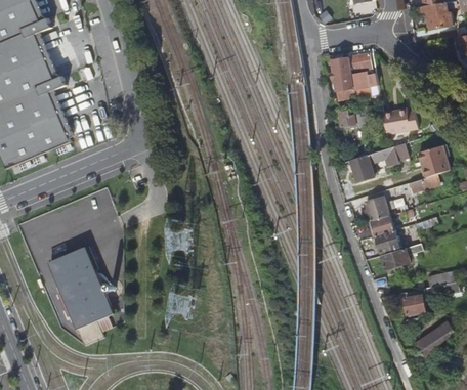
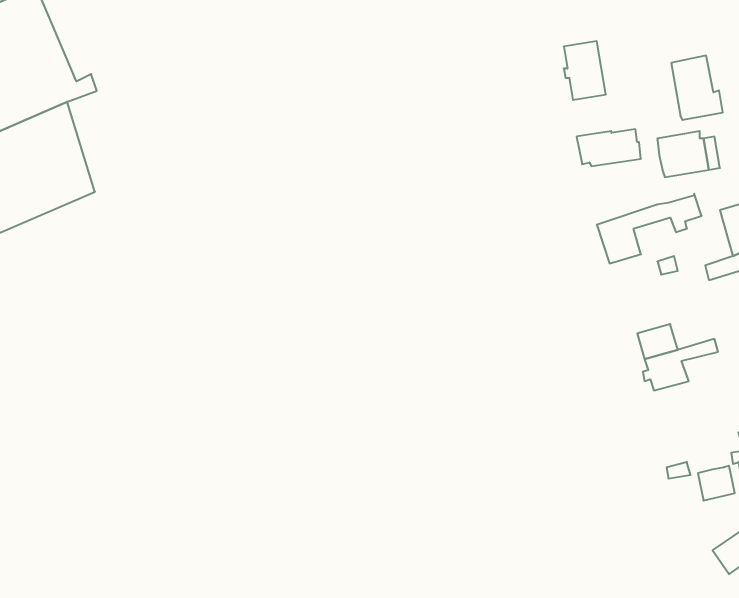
building: [348,53,377,89] -> [671,56,723,120]
building: [362,196,394,220] -> none
building: [380,243,420,269] -> none
building: [47,247,117,343] -> none

